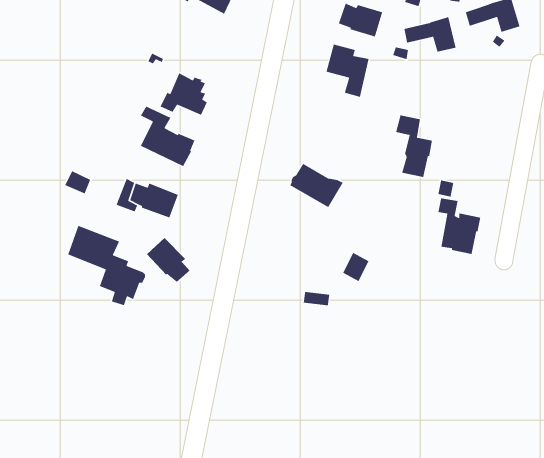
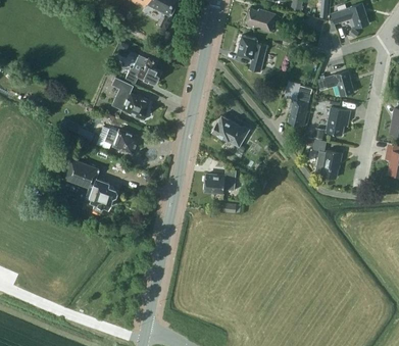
building: [404,16,457,53] -> [317,70,353,95]
building: none -> [326,106,350,135]
building: [146,237,191,283] -> none
building: none -> [203,168,236,192]

